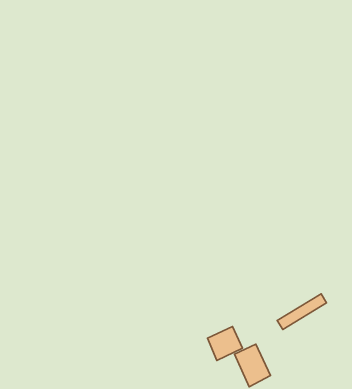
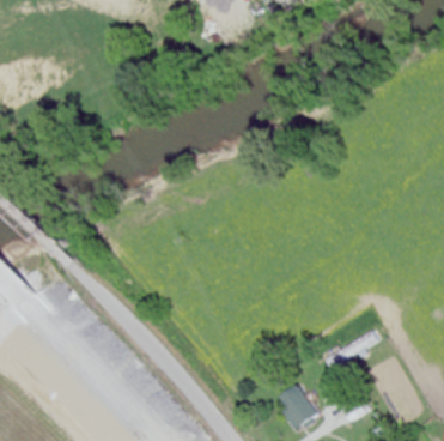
building: [208,327,242,361] -> none

